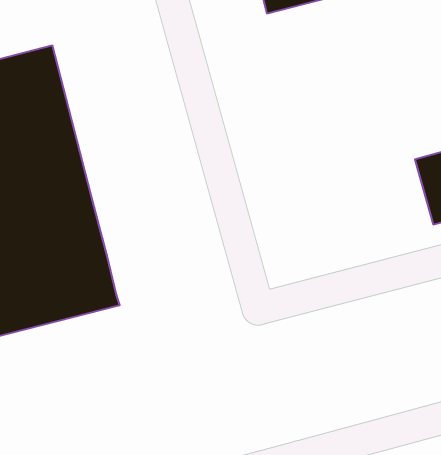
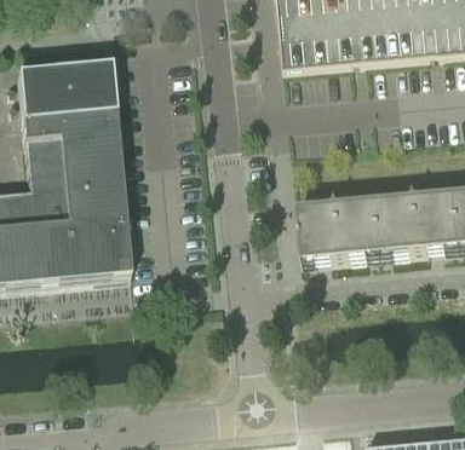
building: none -> [298,195,386,256]

